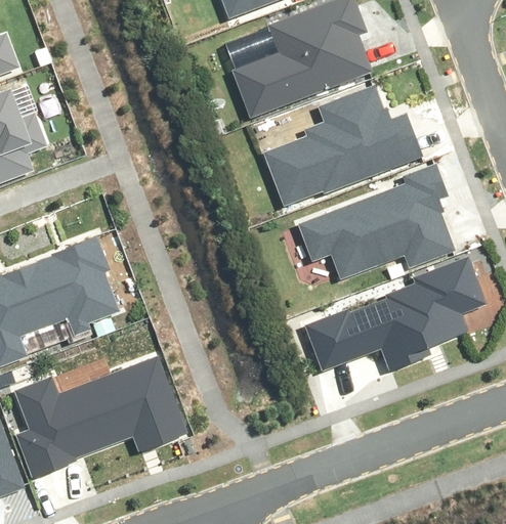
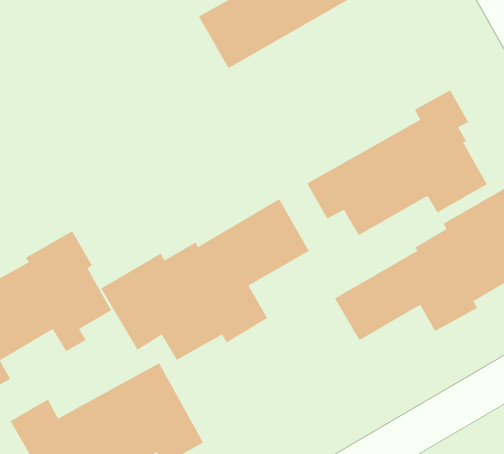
building: [260,88,420,211] -> none
building: none -> [100,198,310,361]

